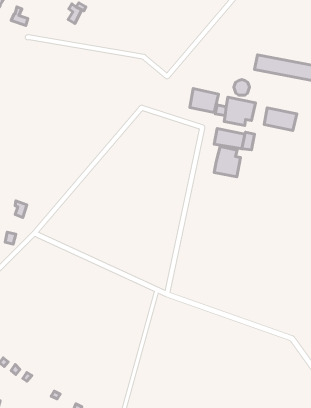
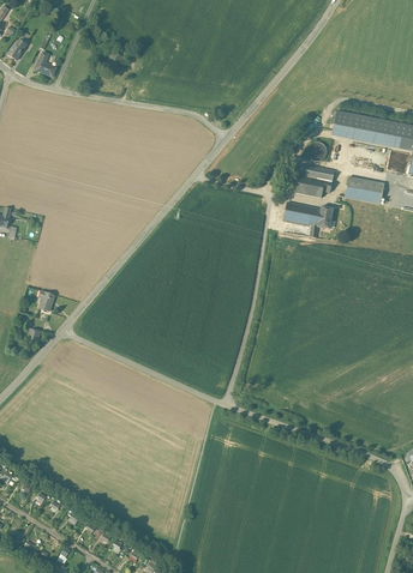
building: [190,89,219,113] -> none
building: [214,147,240,177] -> none

